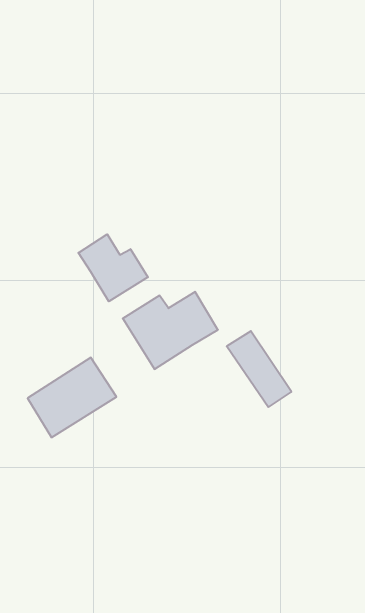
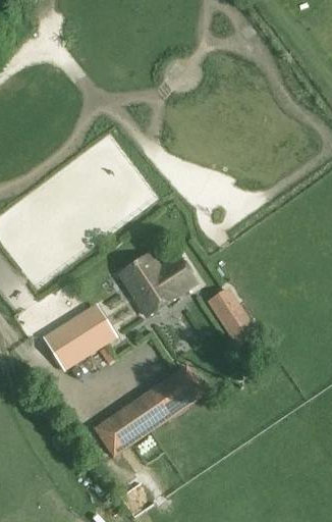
building: [78,234,148,301] -> none
building: none -> [94,369,213,457]

